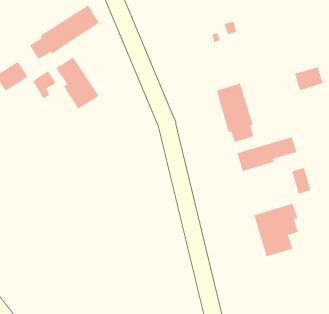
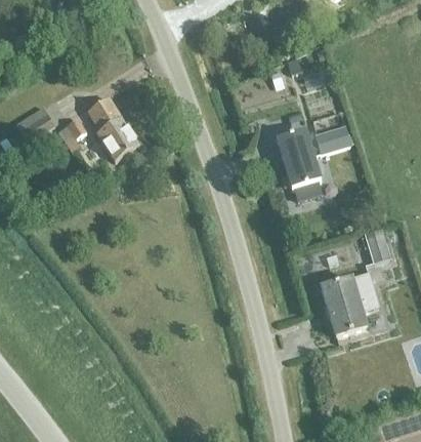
building: [29,5,99,60] -> none
building: [294,67,324,91] -> [315,123,350,152]
building: [237,137,297,172] -> none

